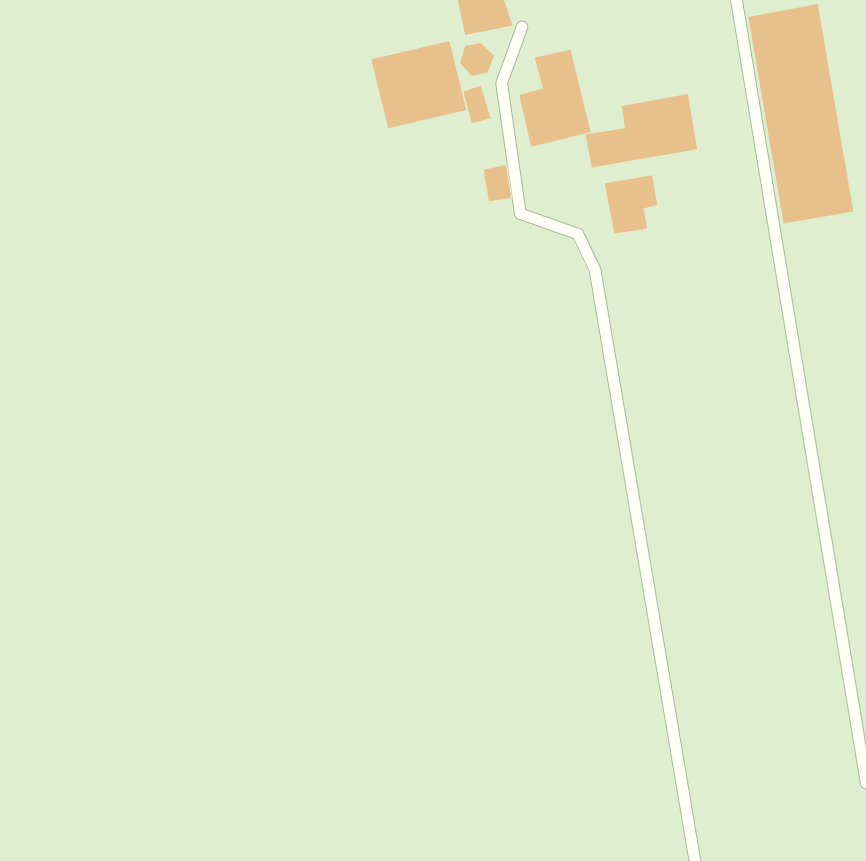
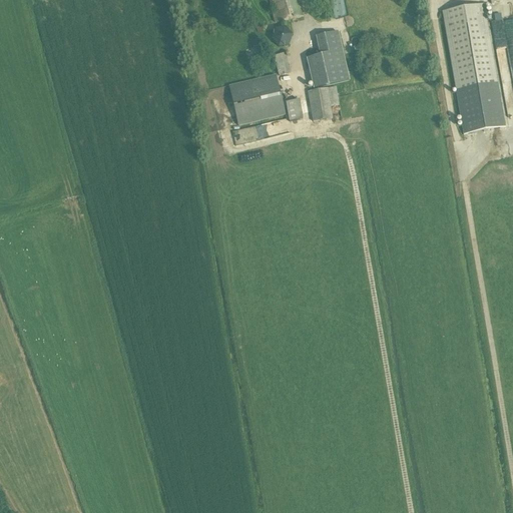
building: [371,41,467,129] -> [228,72,286,124]
building: [585,93,698,168] -> none
building: [604,175,658,234] -> [307,84,339,119]

